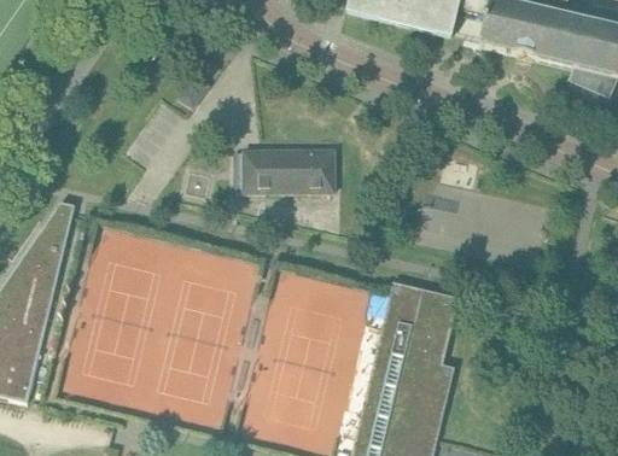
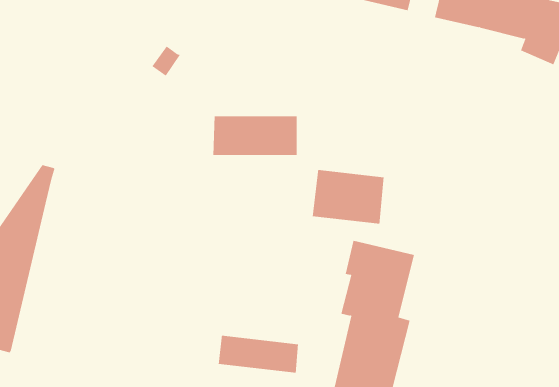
building: none -> [312,169,384,225]
building: none -> [218,335,299,373]

